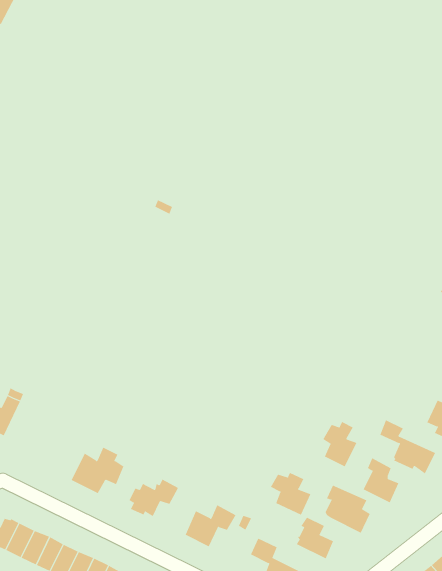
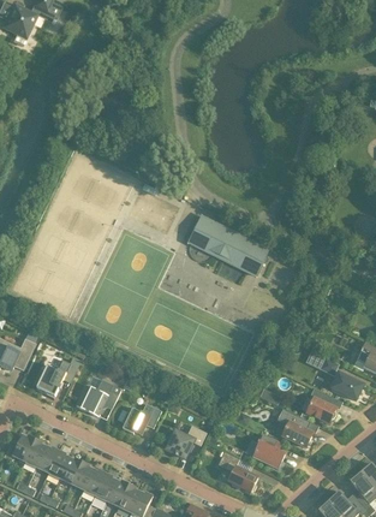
building: none -> [185,214,268,277]
building: none -> [34,357,79,397]
building: [323,421,357,467] -> none
building: [270,472,311,515] -> none

